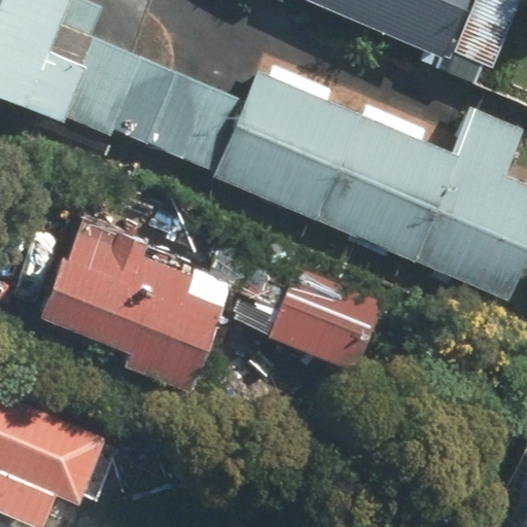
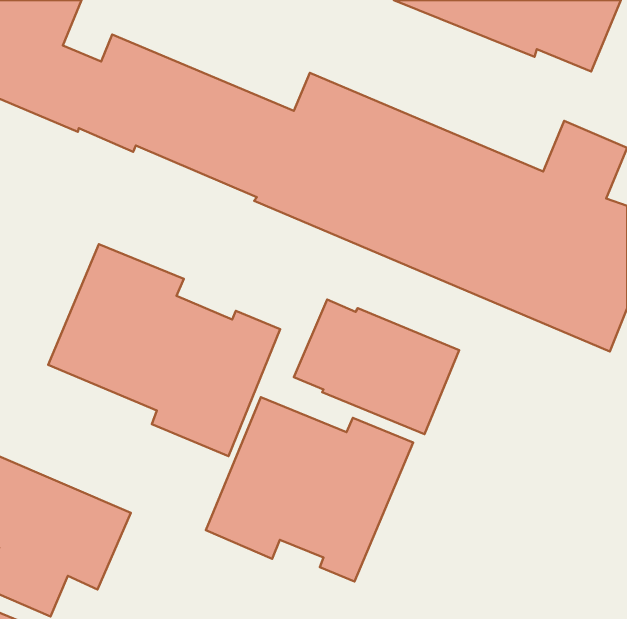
building: none -> [206,397,413,582]

